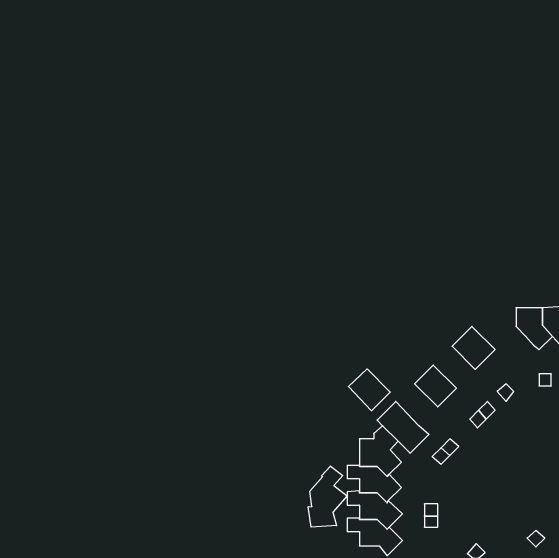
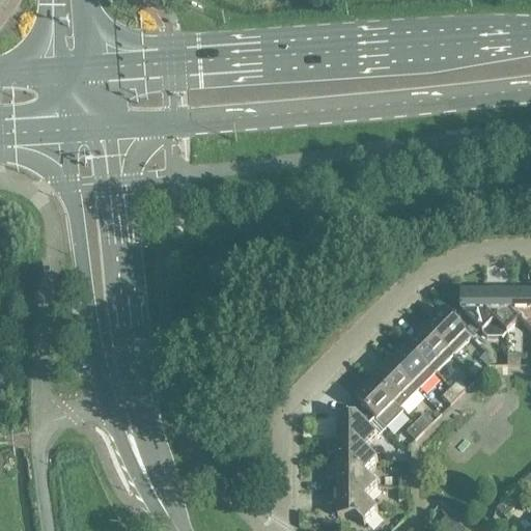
building: none -> [452,289,506,337]
building: none -> [412,326,451,365]
building: [348,369,390,411] -> [376,361,416,400]
building: [308,466,347,527] -> none

